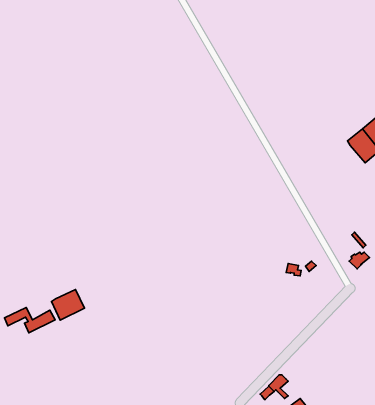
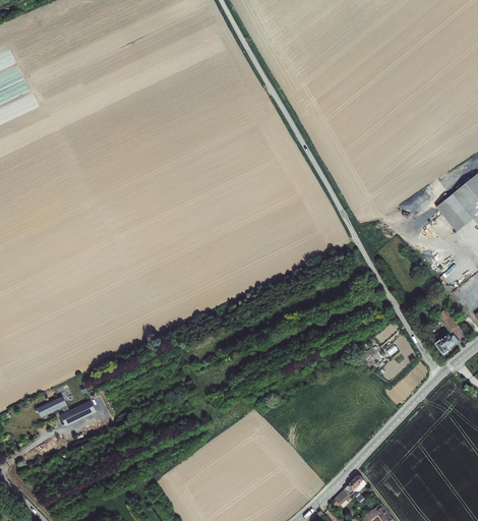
building: [51,290,85,320] -> none

